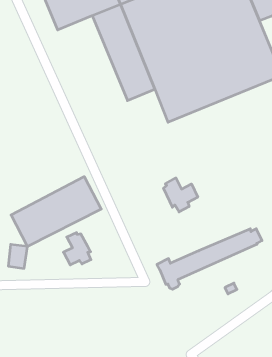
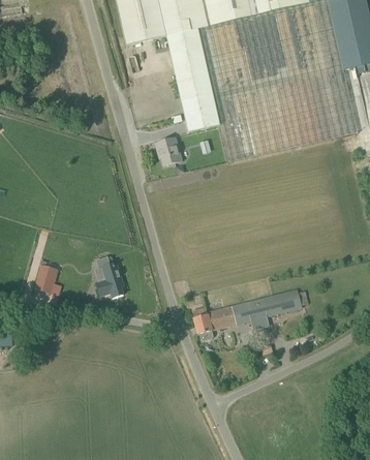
building: none -> [155,137,182,166]
building: [11,177,101,246] -> none
building: [164,178,198,212] -> none

